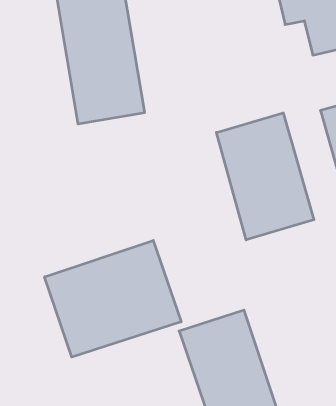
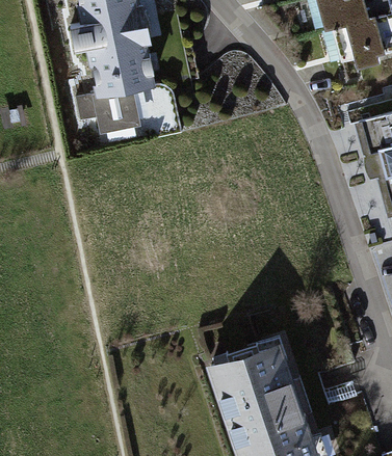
building: [216,113,314,240] -> none
building: [45,240,181,357] -> none

